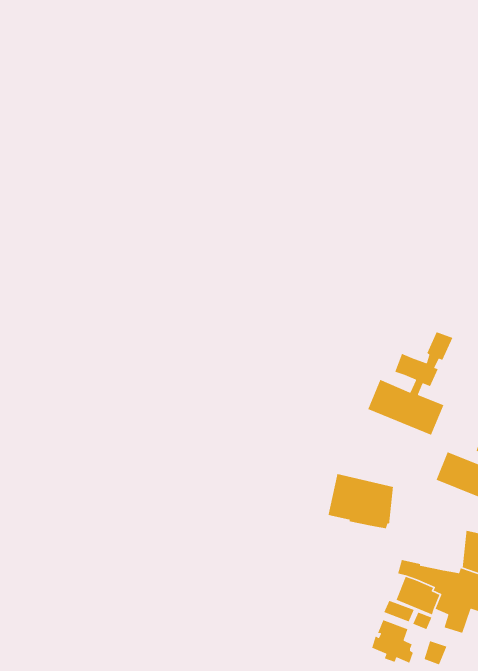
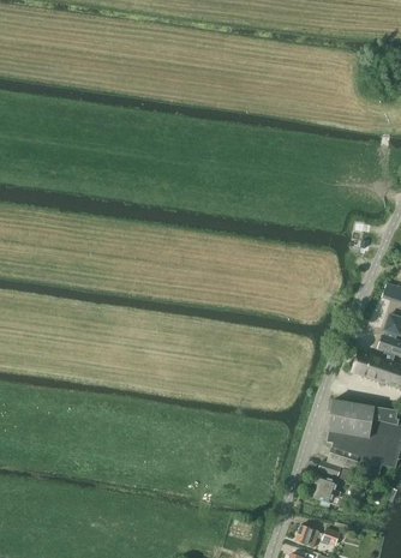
building: [367,331,453,436] -> none
building: [328,473,394,529] -> [328,398,375,437]

